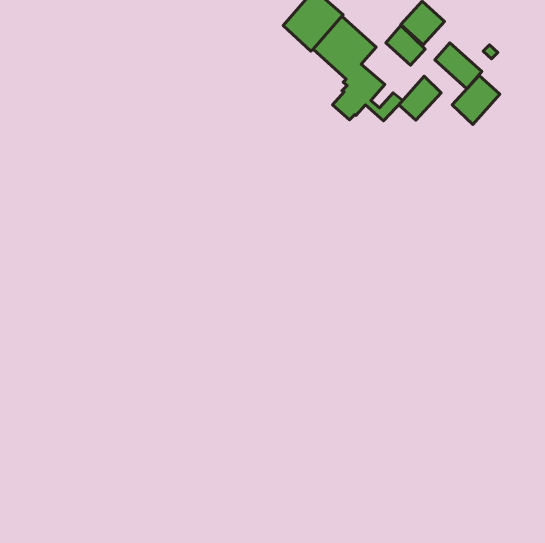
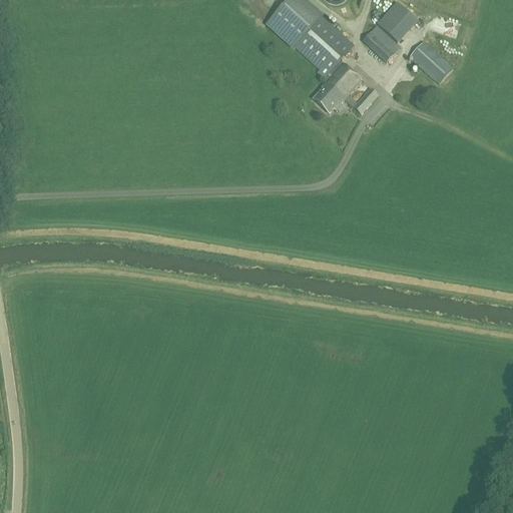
building: [452,76,500,125] -> none
building: [399,76,441,120] -> none

